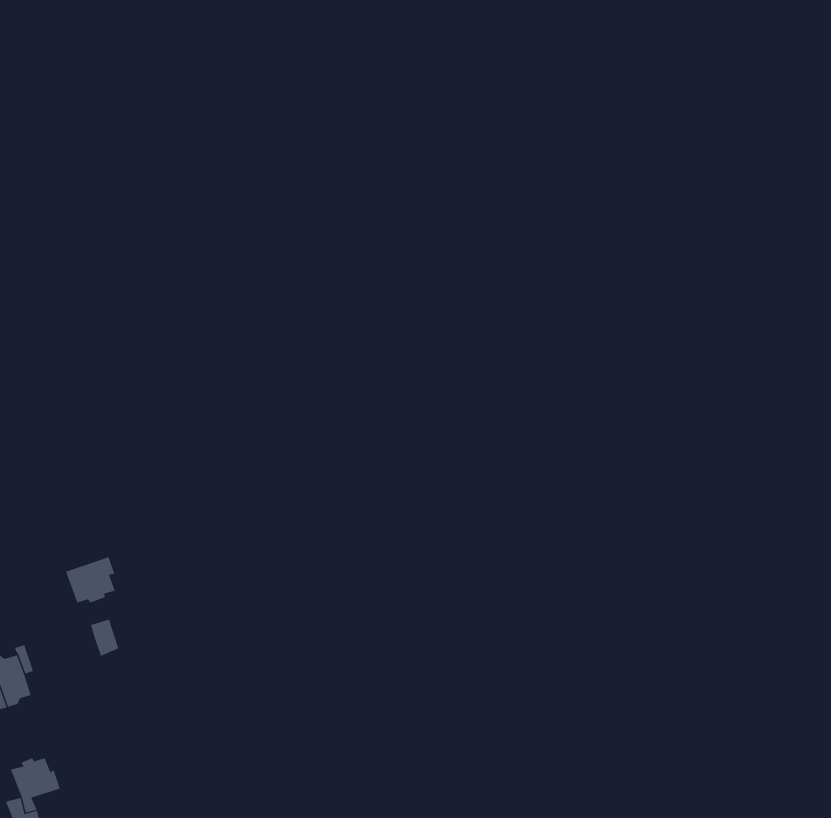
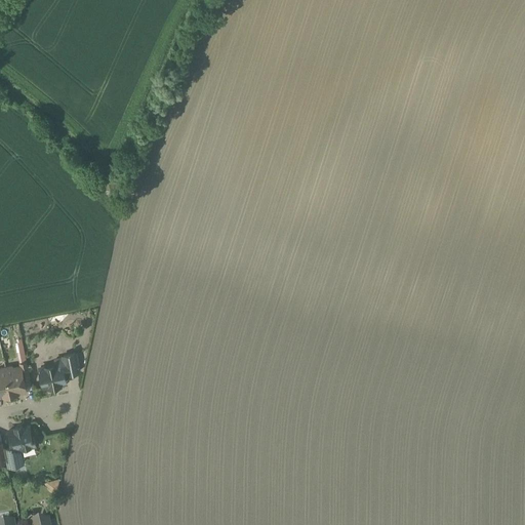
building: [65,557,116,603] -> [40,363,68,388]

